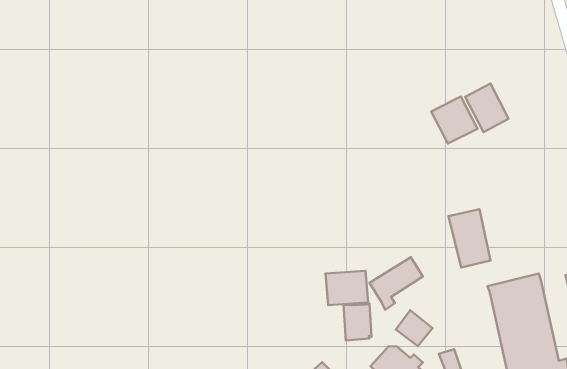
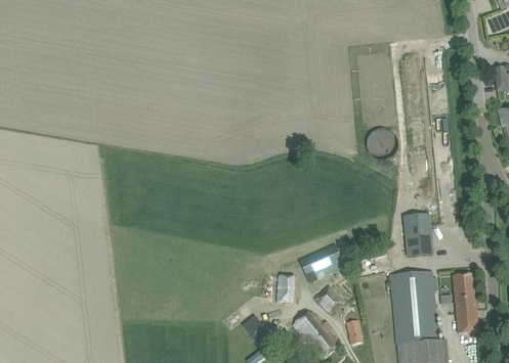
building: [465,83,509,132] -> none
building: [449,209,491,267] -> [404,213,431,256]
building: [326,271,368,305] -> none

